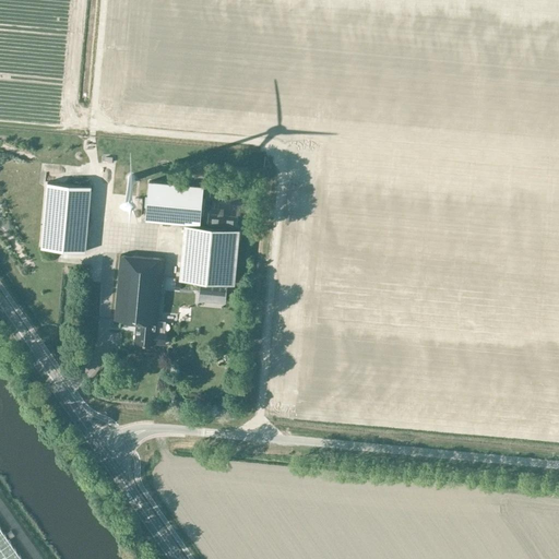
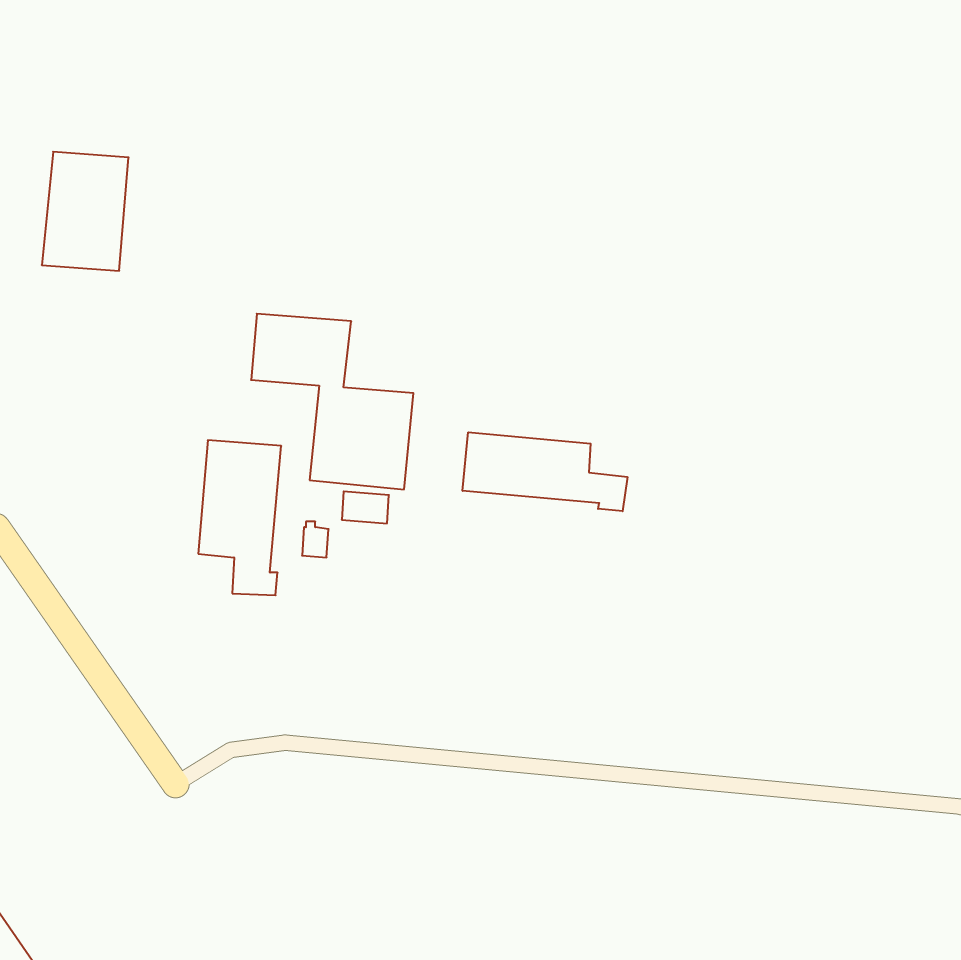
building: [40,186,91,254] -> [42,152,129,271]
building: none -> [463,432,627,511]

